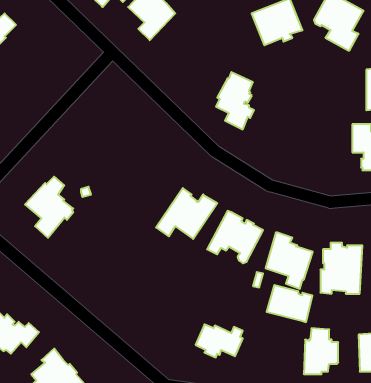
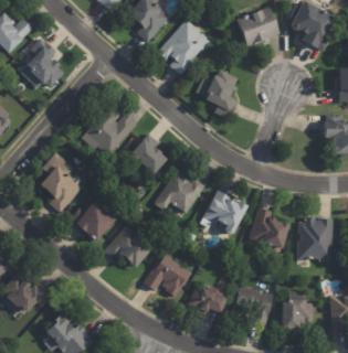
building: none -> [157,20,210,75]
building: none -> [25,38,63,86]
building: none -> [81,107,136,159]
building: none -> [129,133,167,179]
building: none -> [66,201,114,242]
building: none -> [103,225,152,268]
building: none -> [143,250,191,296]
building: [267,285,312,322] -> [233,286,273,318]

